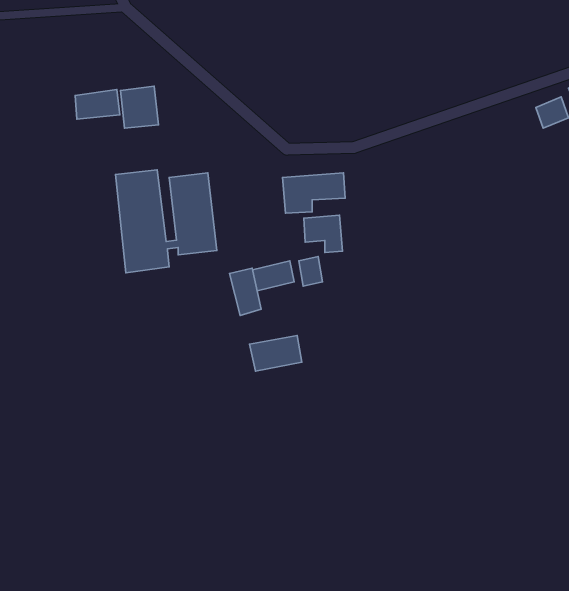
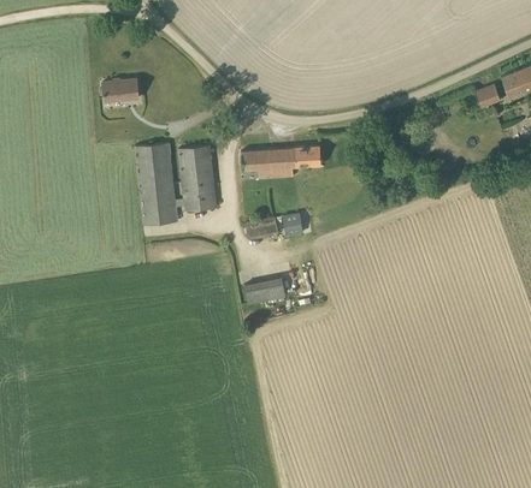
building: [120,86,159,128] -> none
building: [304,215,343,253] -> [241,148,272,178]
building: [229,268,261,315] -> none

